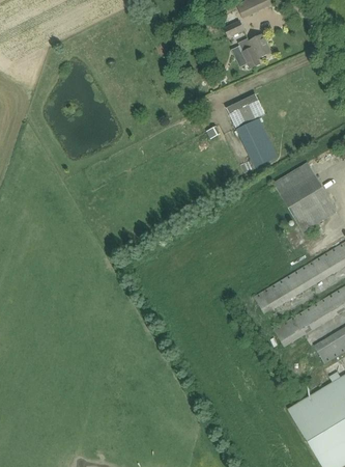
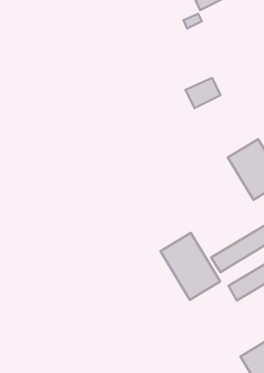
building: [237,34,270,68] -> none
building: [236,119,277,168] -> none
building: none -> [160,233,220,300]

